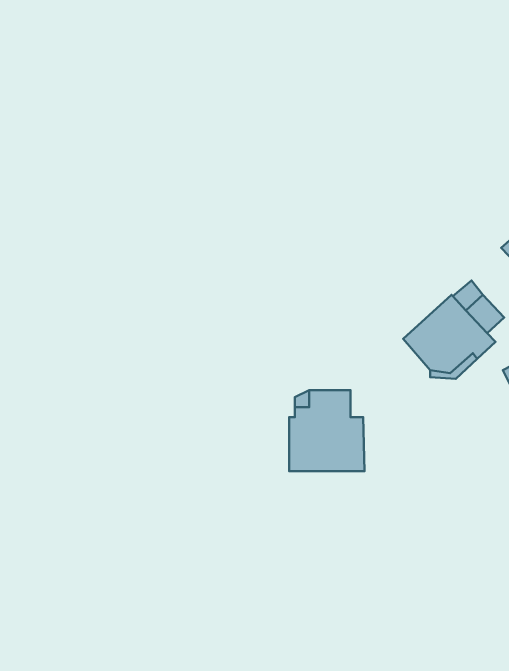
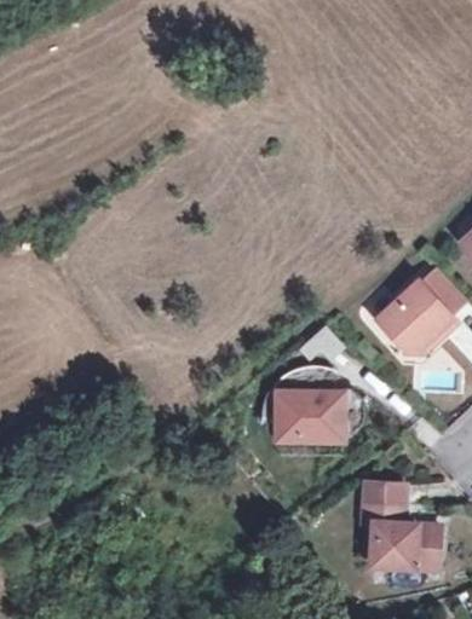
building: none -> [362,482,438,569]

